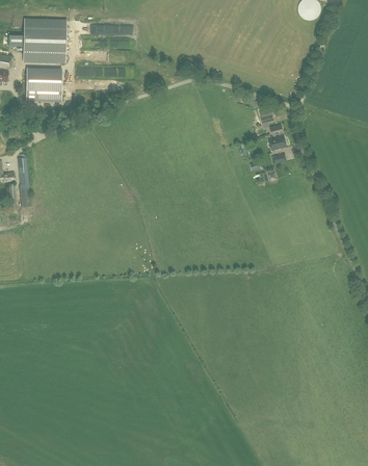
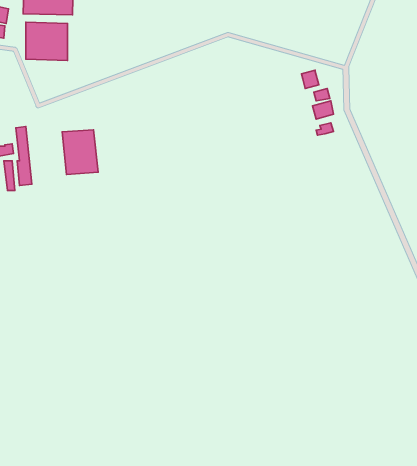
building: none -> [62,130,98,175]

